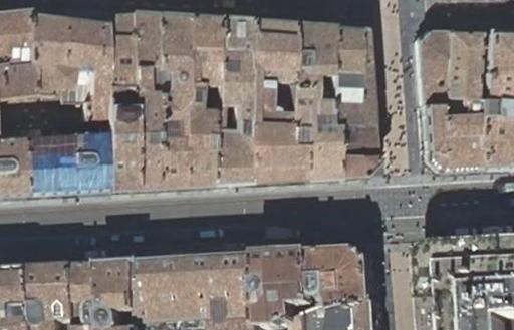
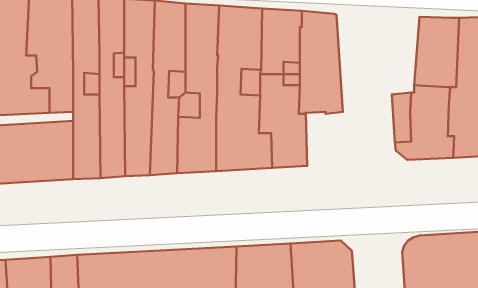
building: [414,30,445,106] -> none
building: [333,123,372,177] -> none

